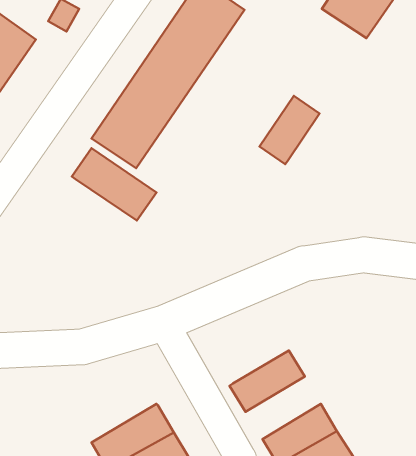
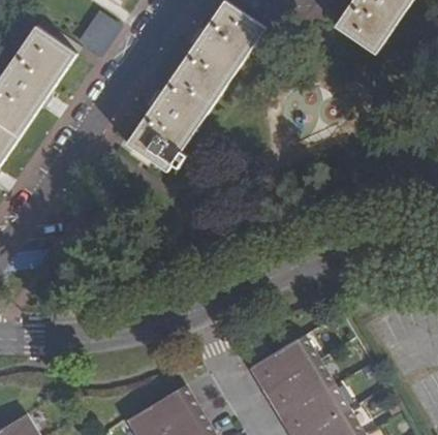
building: [259,96,320,164] -> none
building: [72,148,157,221] -> none
building: none -> [265,361,334,417]

